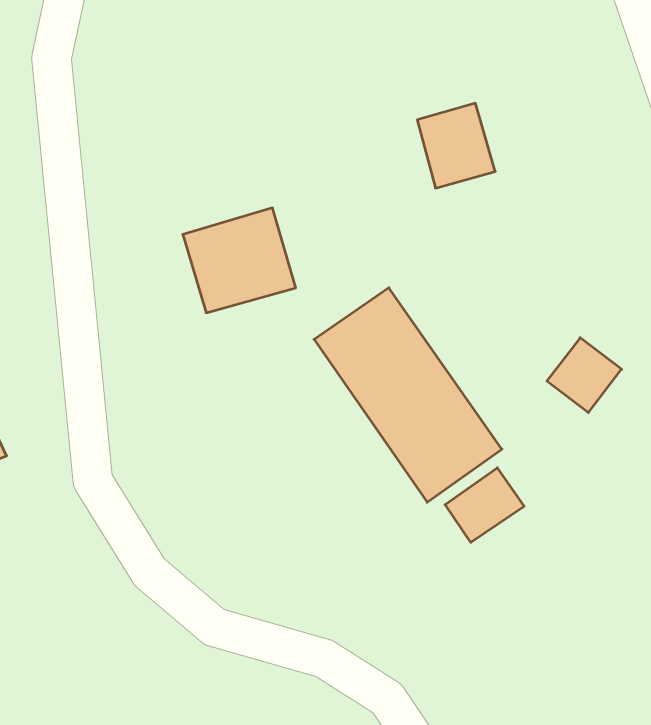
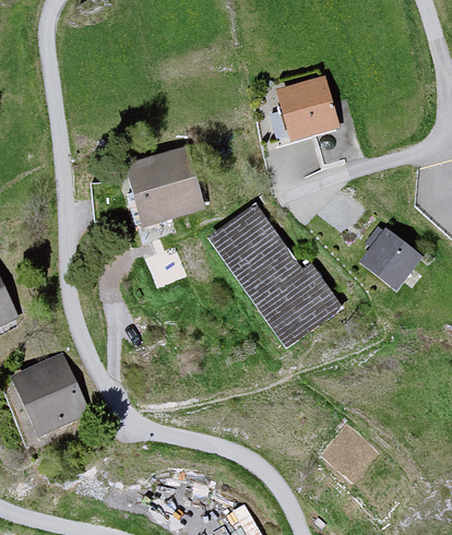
building: [445,468,524,542] -> none
building: none -> [12,360,81,435]

